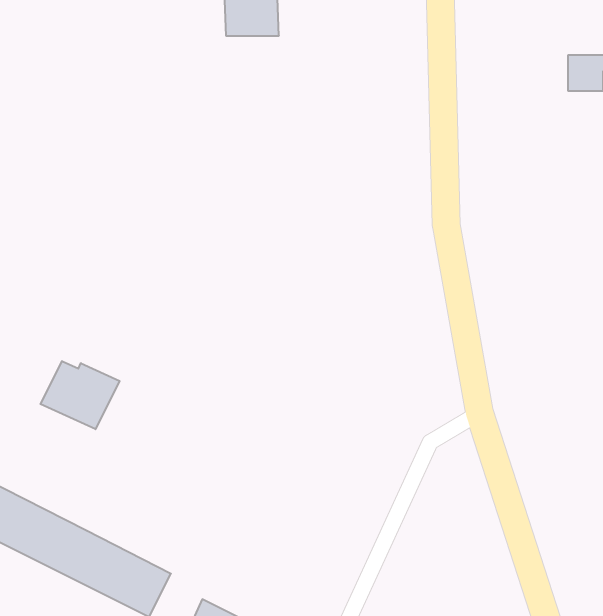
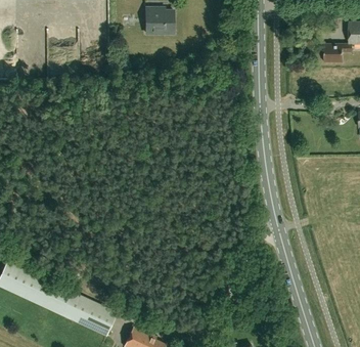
building: [40,361,120,429] -> none

